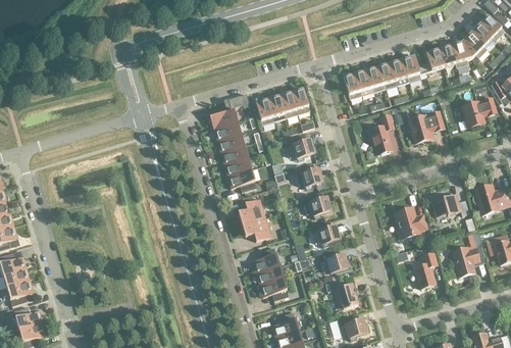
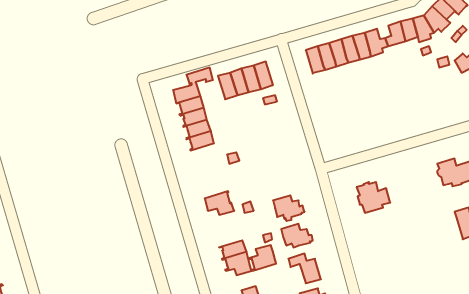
building: [462,97,496,127] -> none
building: [407,110,444,142] -> none
building: [369,113,394,153] -> none
building: [284,135,316,160] -> none
building: [293,163,322,189] -> none
building: [227,168,256,191] -> none
building: [301,192,330,217] -> none
building: [432,194,469,216] -> none
building: [238,198,265,223] -> none
building: [451,246,486,277] -> none
building: [252,247,279,272] -> [249,245,276,271]
building: [414,252,437,288] -> none

